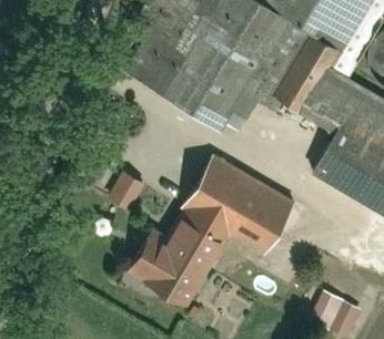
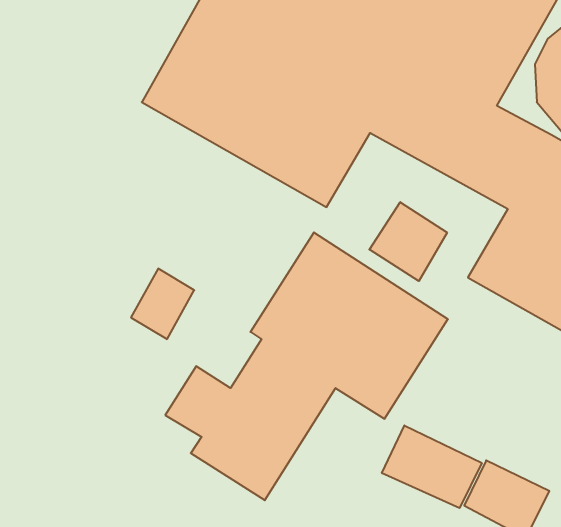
building: none -> [369,202,447,281]
building: none -> [382,425,482,508]

